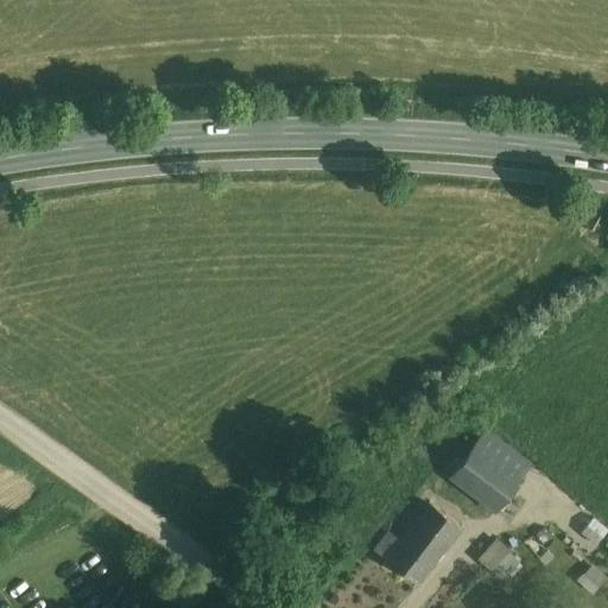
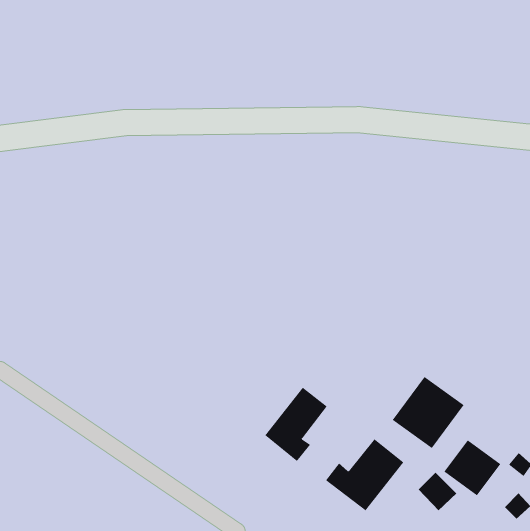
building: none -> [265,387,328,462]
building: none -> [444,439,501,496]

